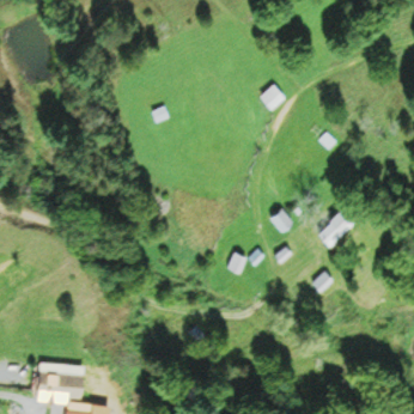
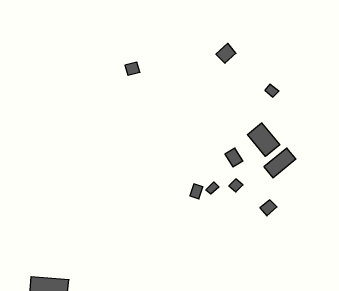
building: none -> [247,123,280,156]

